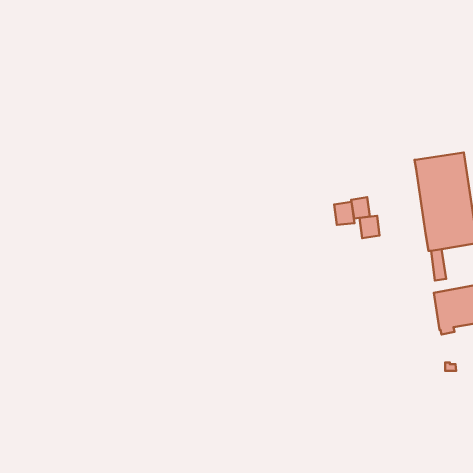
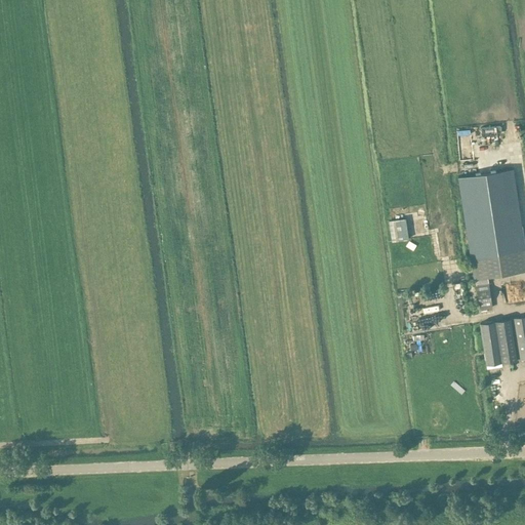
building: [334,202,355,225] -> none
building: [359,216,380,238] -> none

